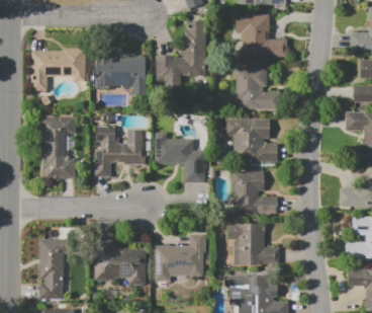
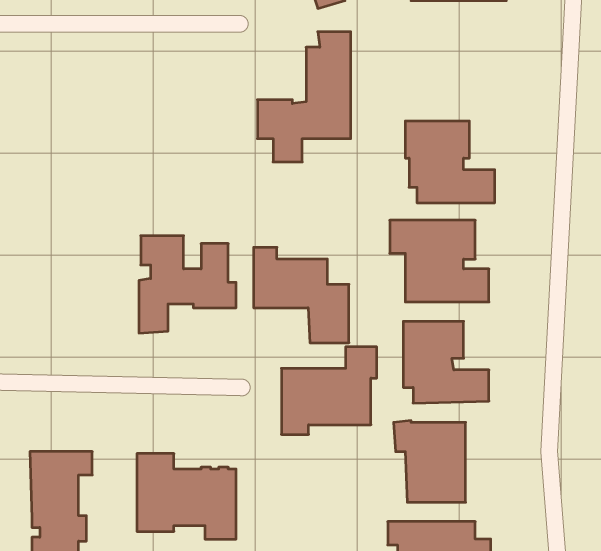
building: [237,14,287,57] -> none
building: [31,48,88,91] -> none
building: [95,55,146,93] -> none
building: [40,118,76,180] -> none
building: [156,235,205,281] -> [281,347,377,434]

